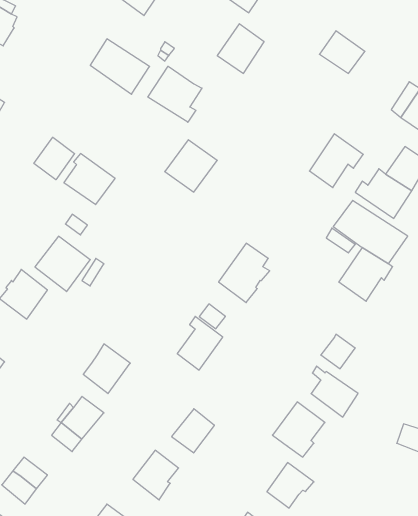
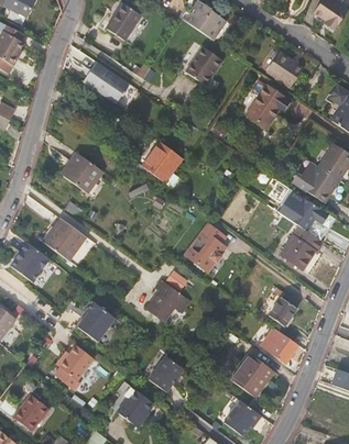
building: [148,66,202,122] -> none
building: [309,134,363,188] -> [247,87,290,130]
building: [34,137,75,180] -> none

